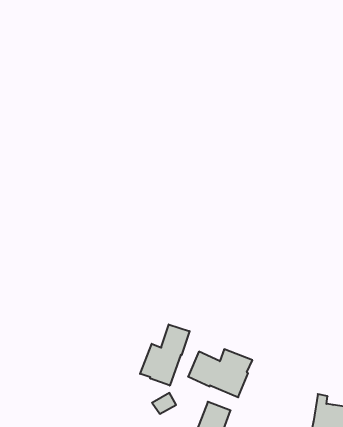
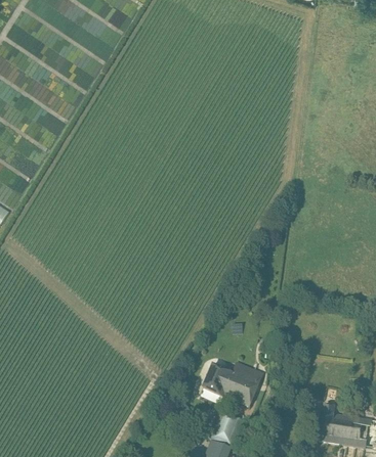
building: [140,324,190,386] -> none

